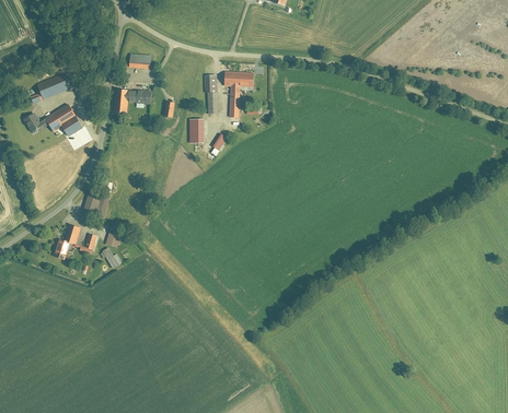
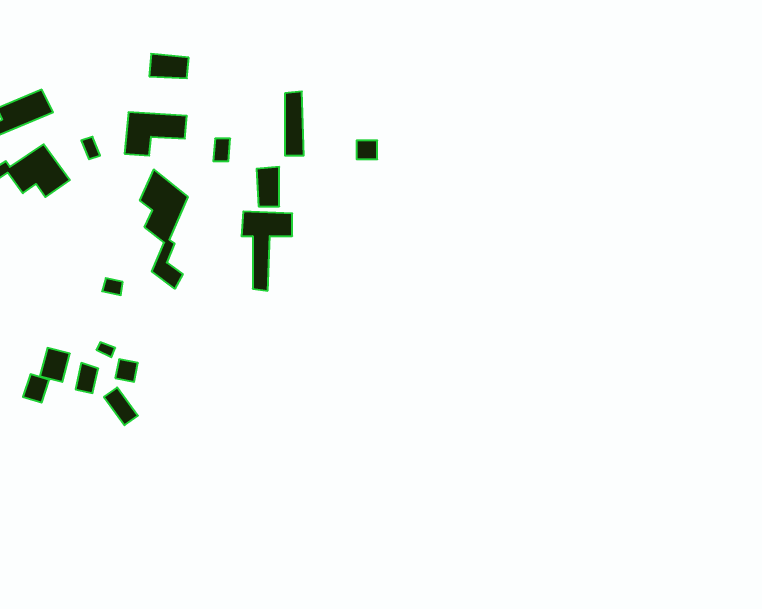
building: [223,71,253,117] -> [241,211,292,291]
building: none -> [140,169,188,289]

